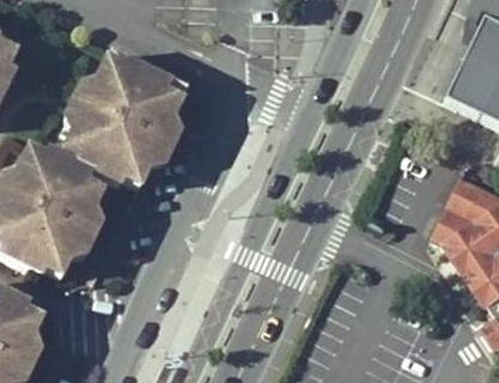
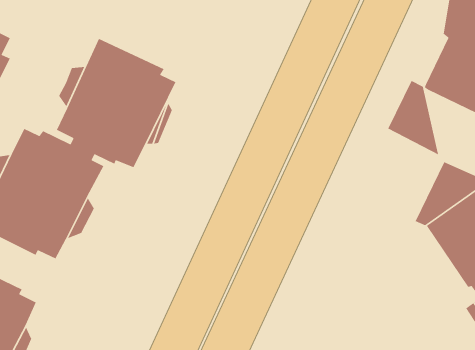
building: none -> [387,80,439,156]

